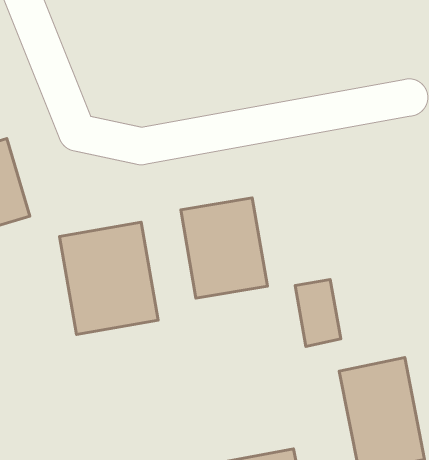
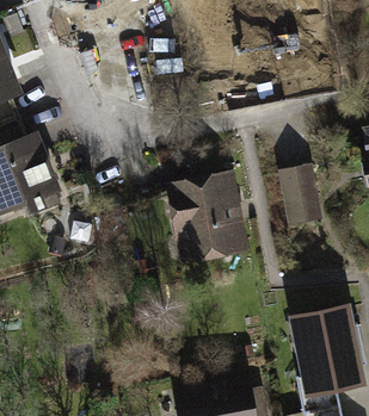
building: [60,222,158,334] -> none
building: [295,279,341,346] -> [281,172,316,224]

